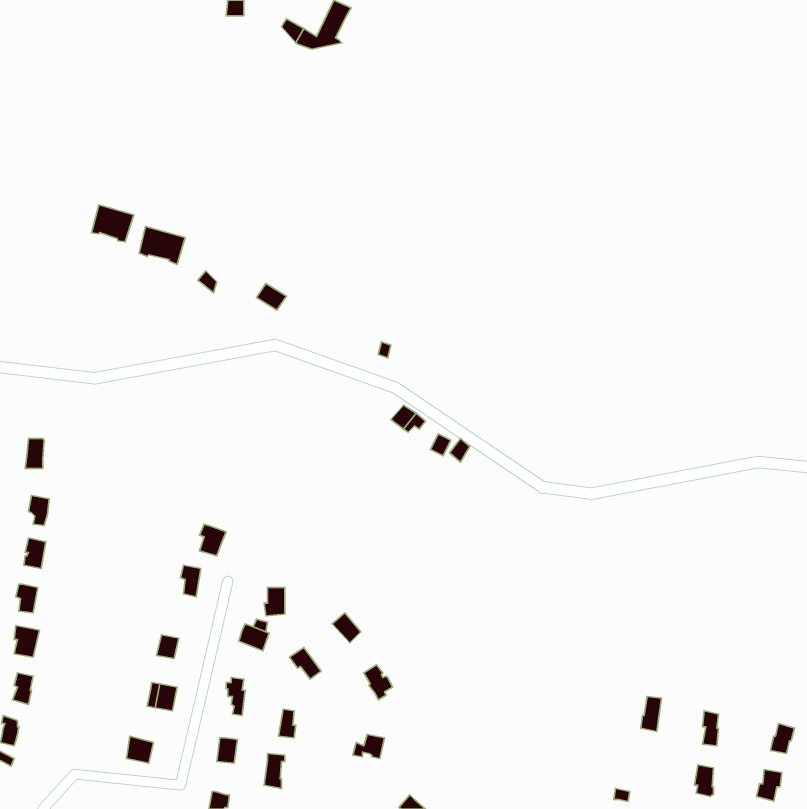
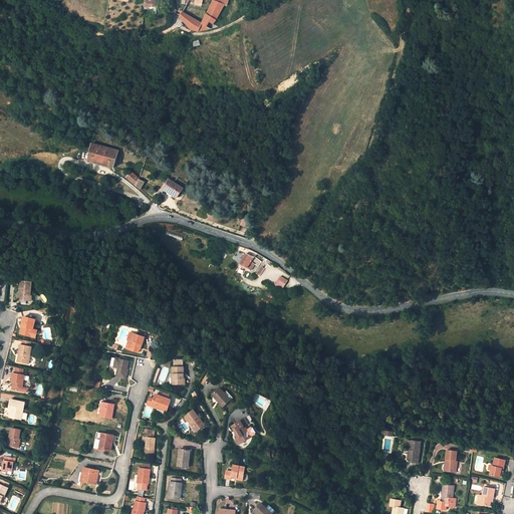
building: [91,205,134,242] -> none

